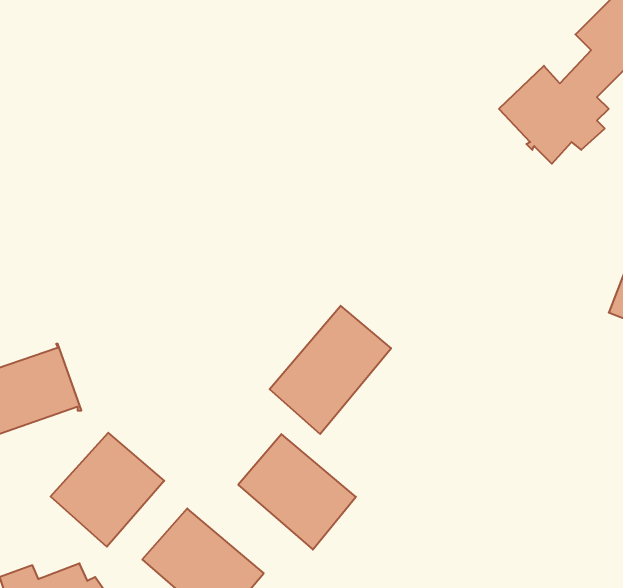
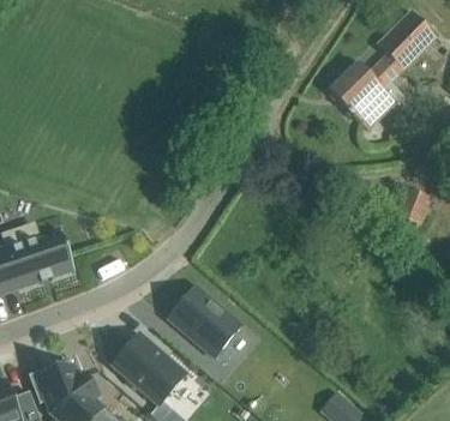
building: [270,306,391,434] -> none
building: [51,433,164,547] -> none

